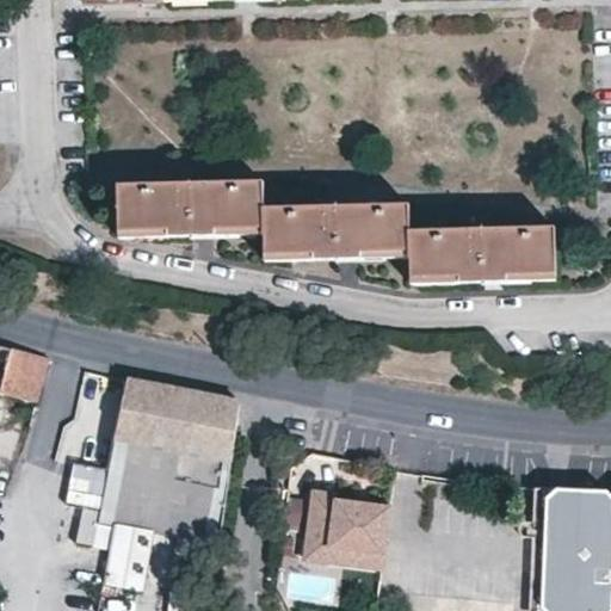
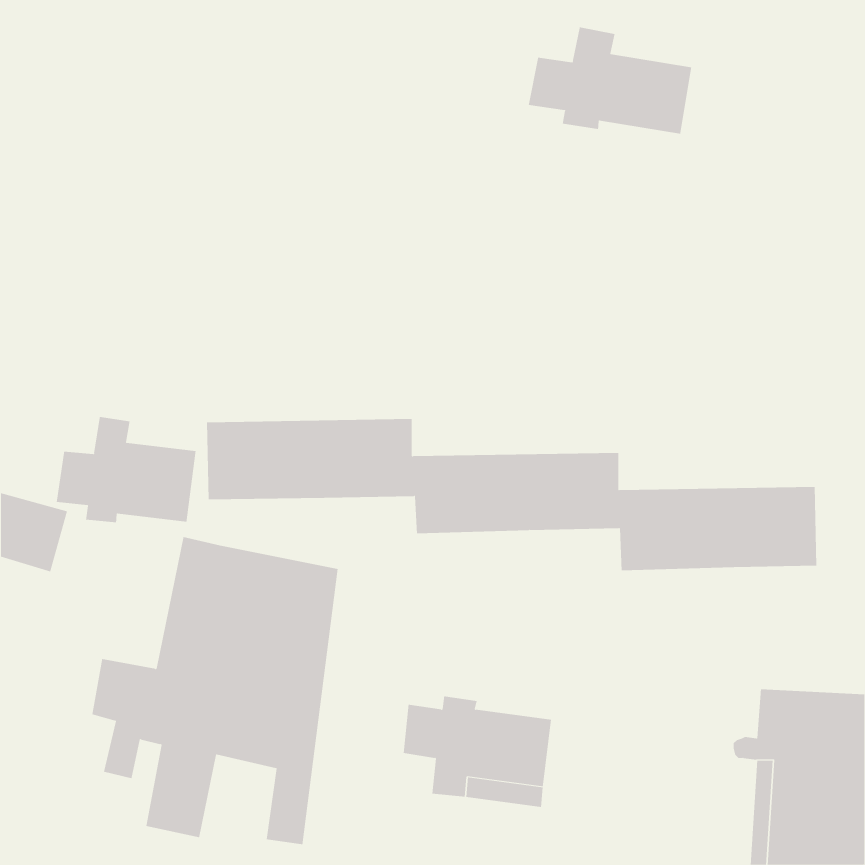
building: none -> [528,27,692,134]
building: [119,178,550,285] -> [206,419,817,571]
building: none -> [56,416,196,523]

